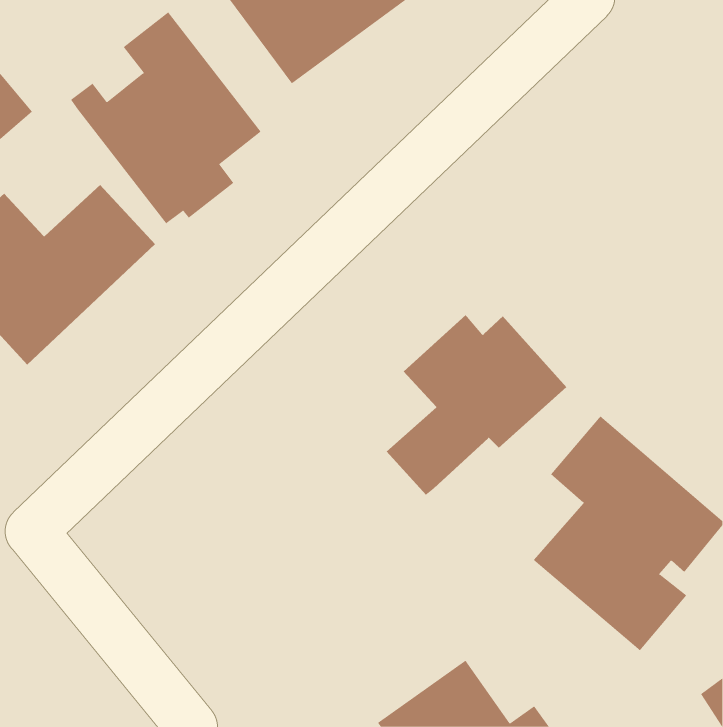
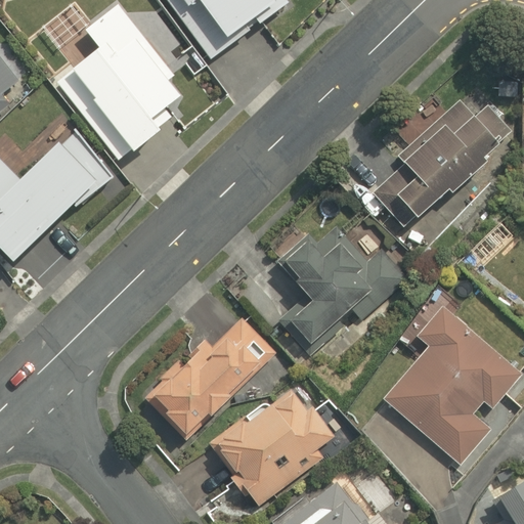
building: none -> [374,97,505,230]
building: none -> [141,315,273,439]
building: none -> [202,378,333,510]

